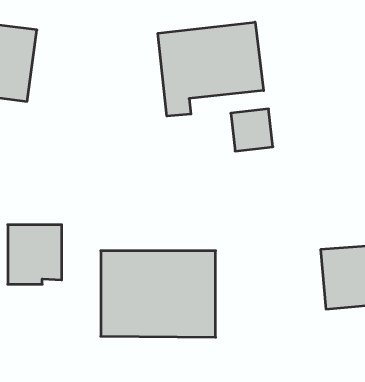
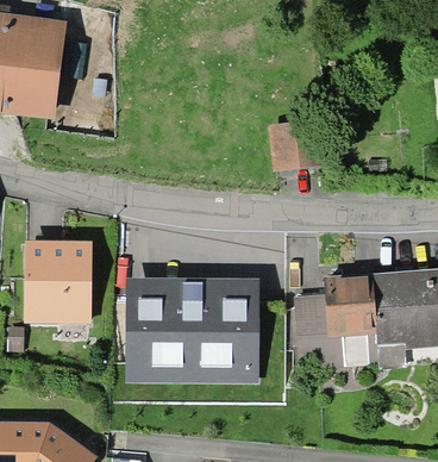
building: [158,22,264,116] -> none
building: none -> [295,277,378,368]

